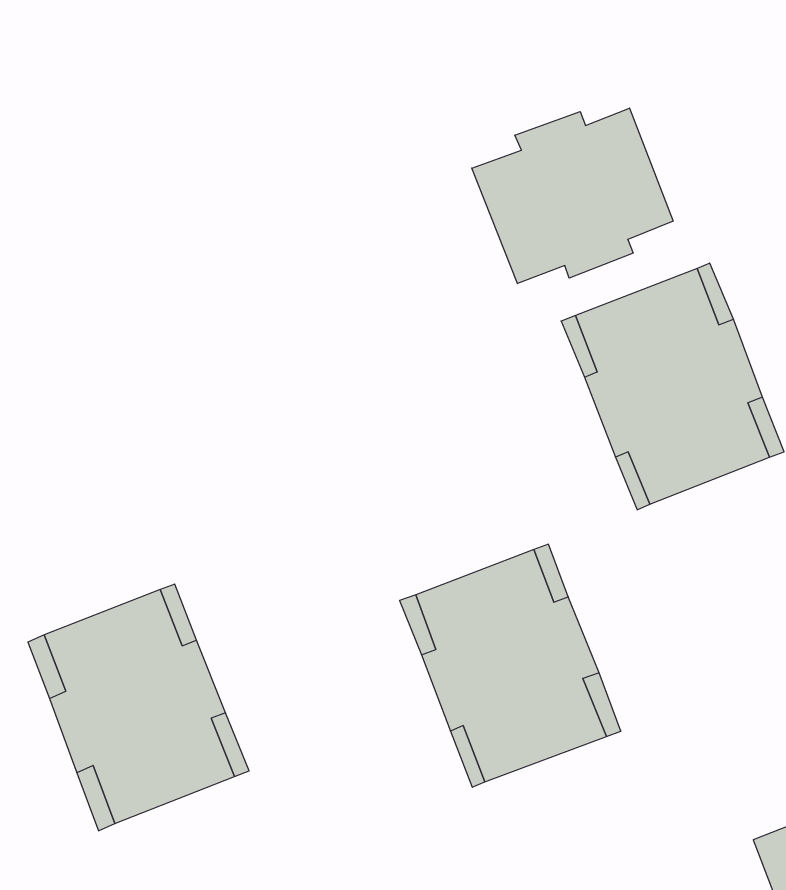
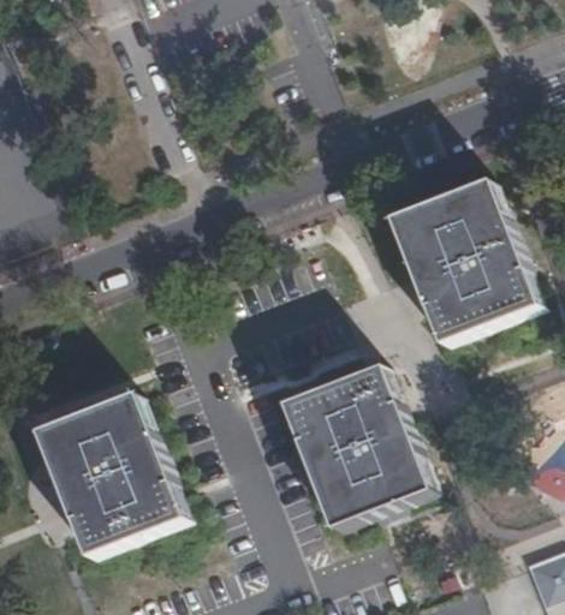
building: [472,108,673,284] -> none

